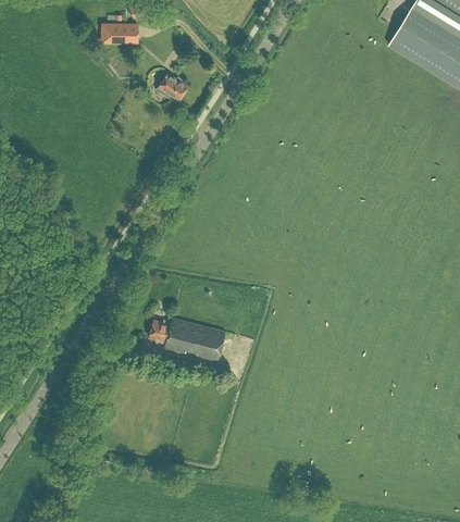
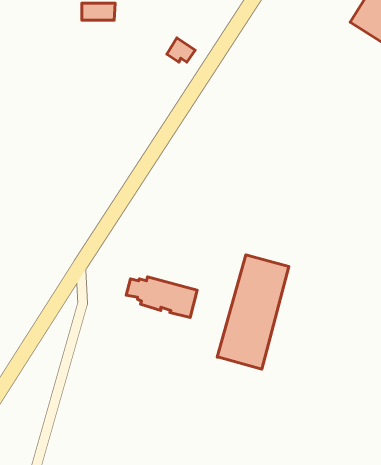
building: [156,73,186,99] -> [167,38,195,62]
building: none -> [217,255,289,369]

